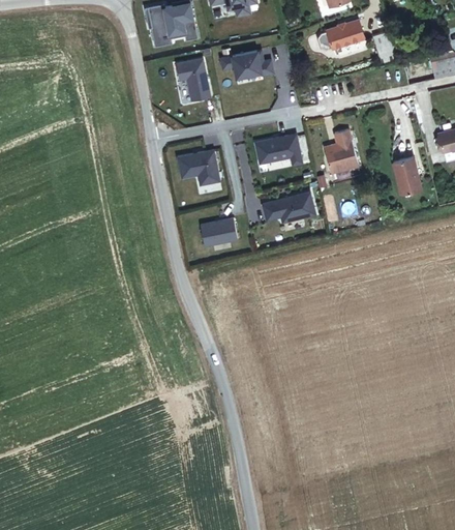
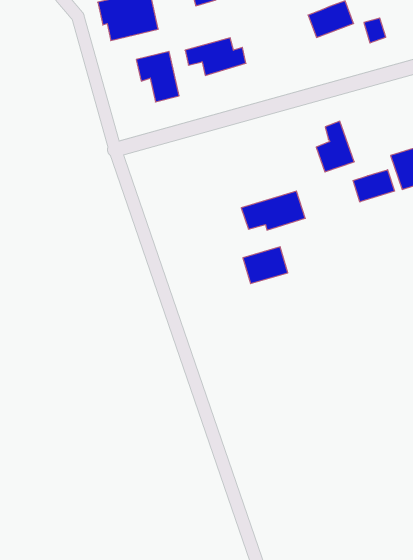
building: [251,132,301,166] -> none
building: [173,147,218,185] -> none
building: none -> [353,170,394,202]
building: [196,216,236,247] -> [243,247,288,284]

